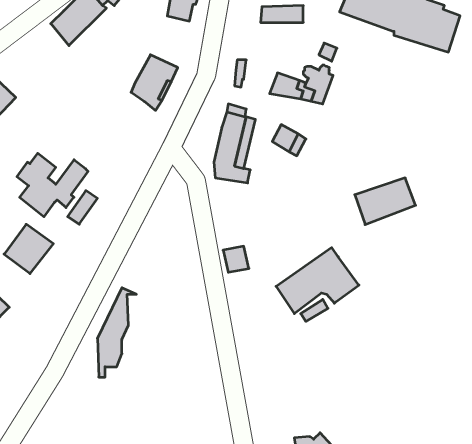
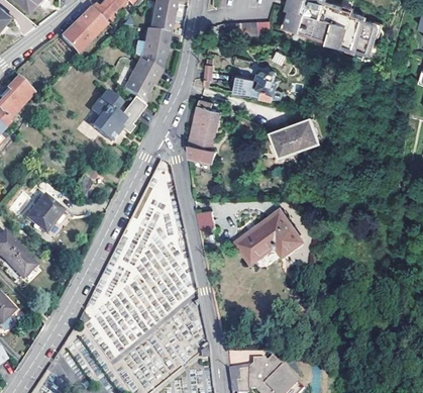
building: none -> [138,30,169,71]
building: [17,153,88,217] -> [89,92,144,141]
building: [355,178,416,225] -> [272,119,319,156]

